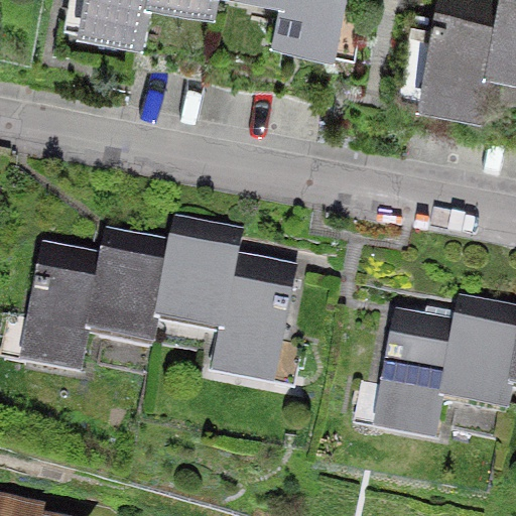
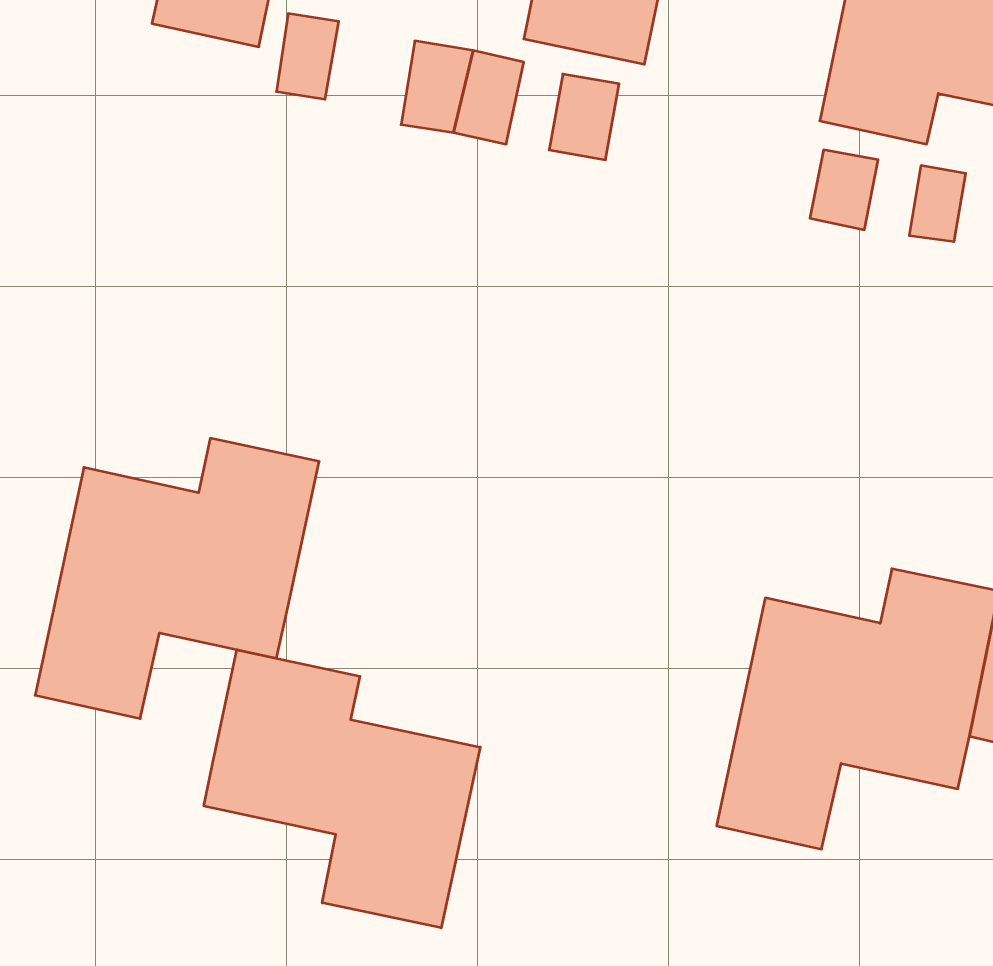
building: [150,210,299,381] -> none
building: none -> [204,650,480,928]

